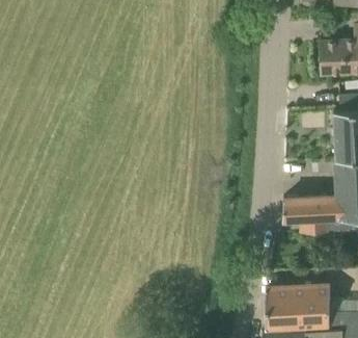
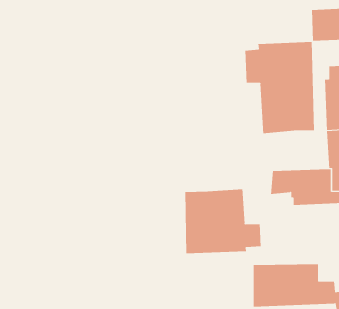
building: none -> [245,41,315,134]
building: none -> [185,188,261,254]

